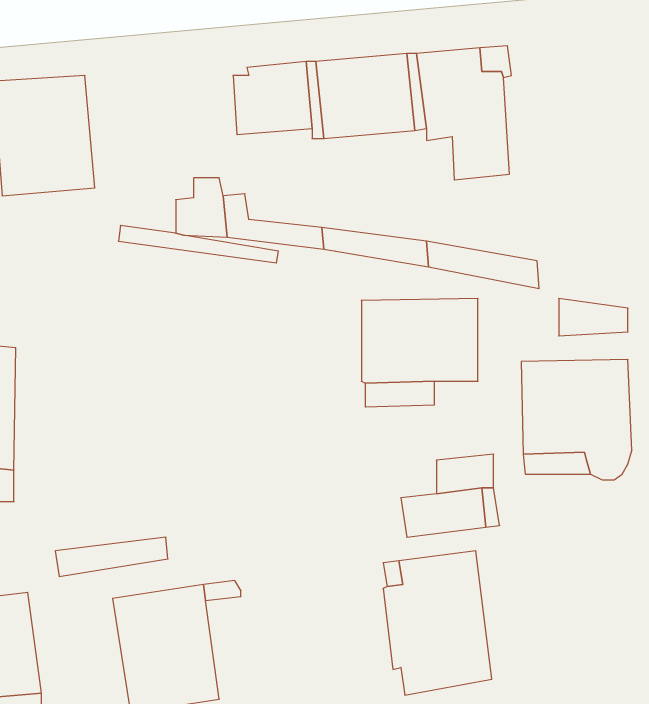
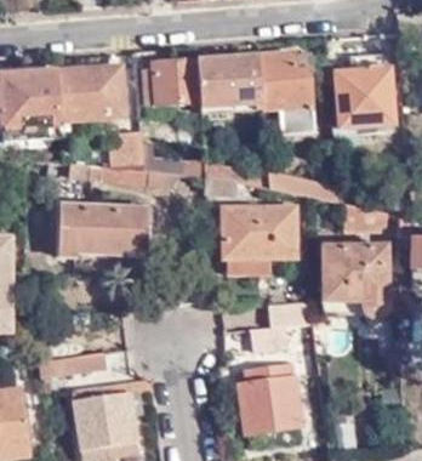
building: none -> [336,52,392,130]
building: none -> [58,64,126,130]
building: none -> [58,206,152,257]

